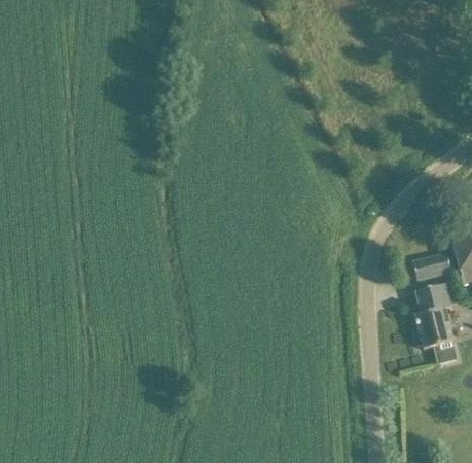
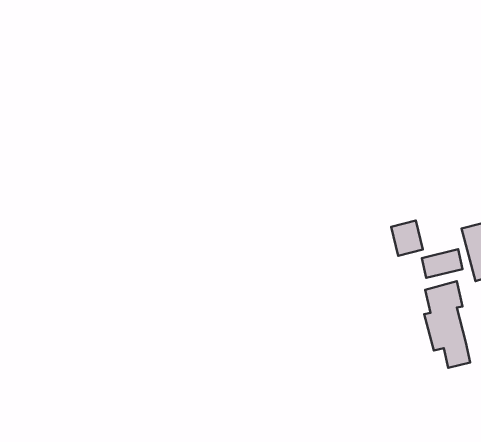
building: none -> [391,220,423,256]

